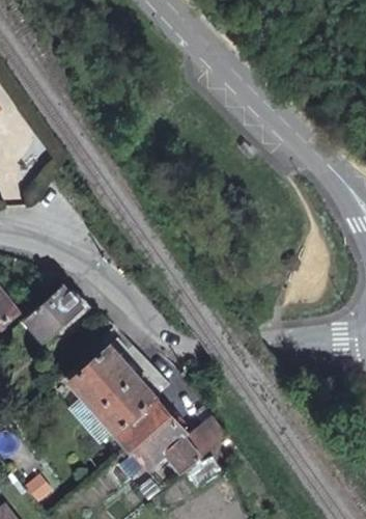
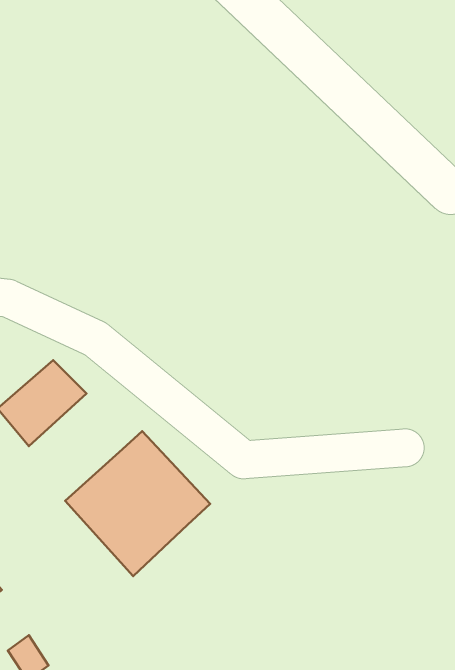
building: [115,399,227,473] -> none

